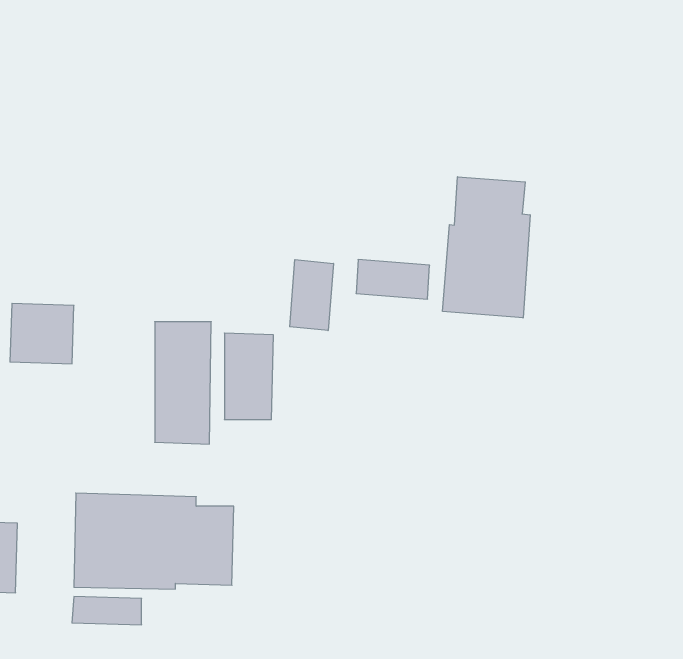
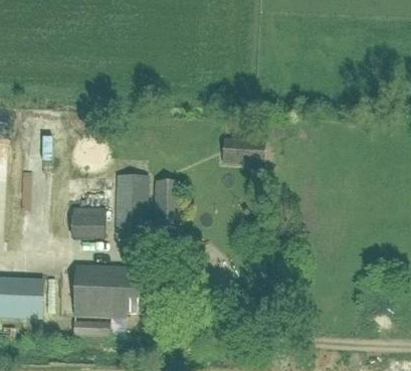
building: [443,177,530,318] -> none
building: [290,260,333,331] -> none
building: [10,303,74,364] -> [71,206,106,238]

